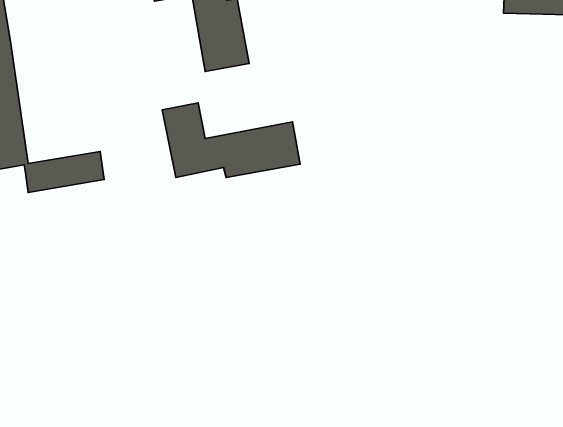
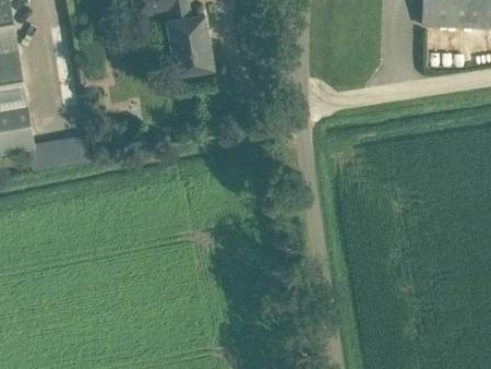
building: [162,103,300,178] -> none

